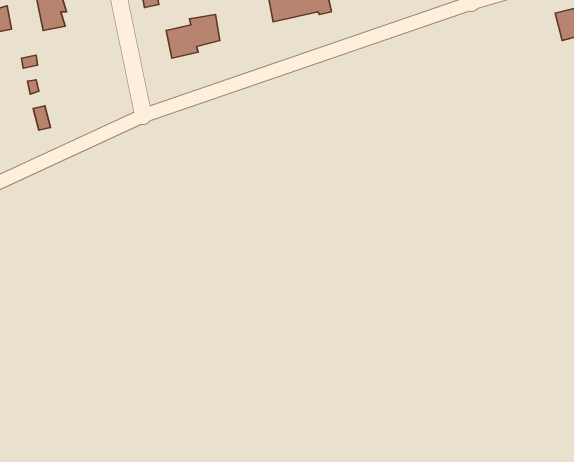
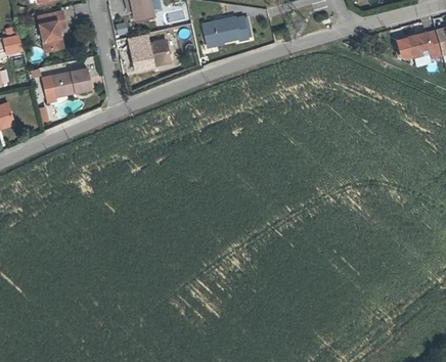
building: none -> [50,67,92,94]

